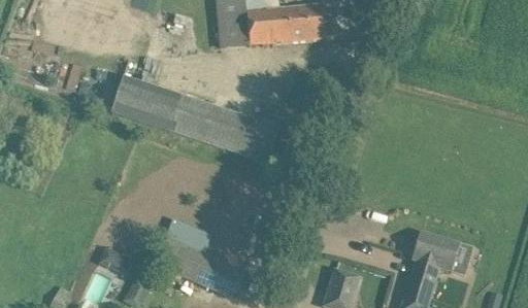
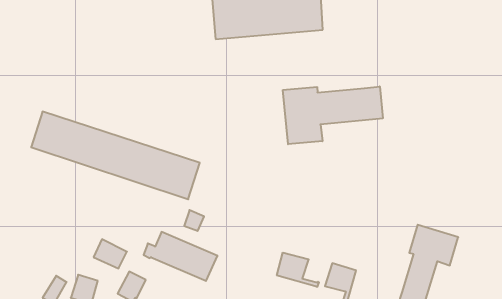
building: [111,76,278,163] -> [31,112,200,199]
building: none -> [283,86,383,144]
building: none -> [277,253,319,287]

